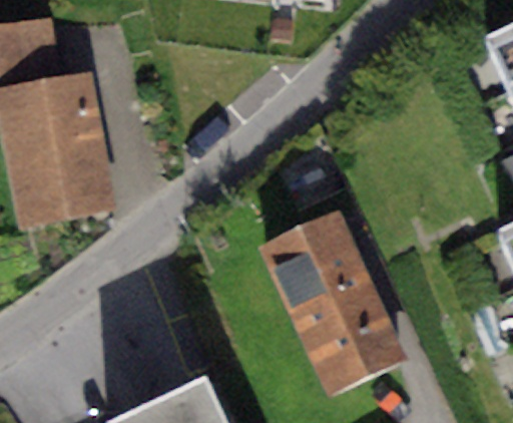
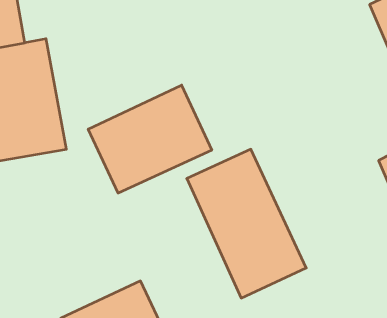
building: none -> [88,85,212,193]

